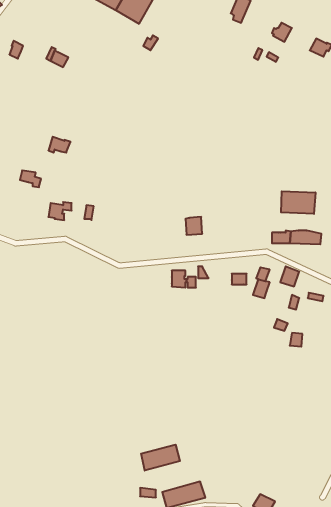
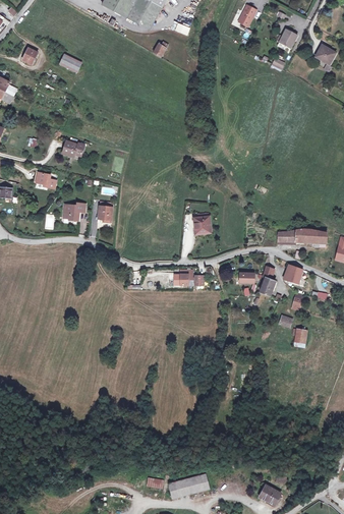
building: [281,191,315,214] -> none
building: [141,445,180,471] -> none

